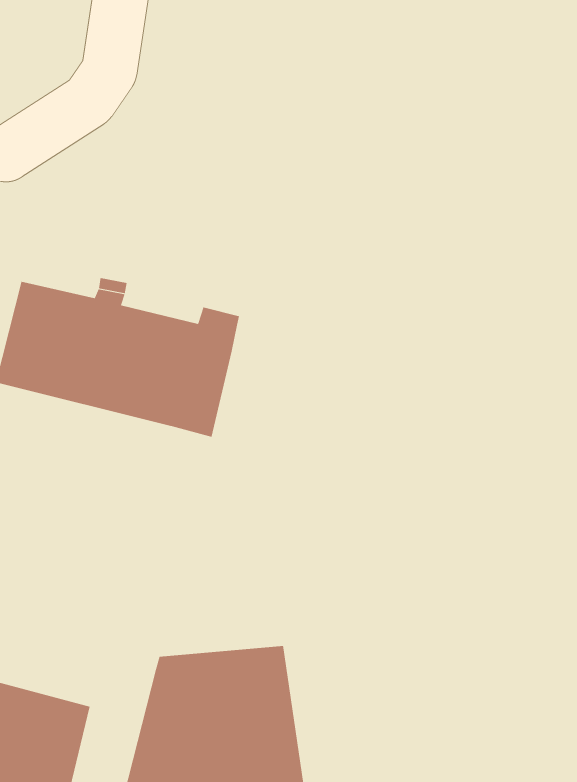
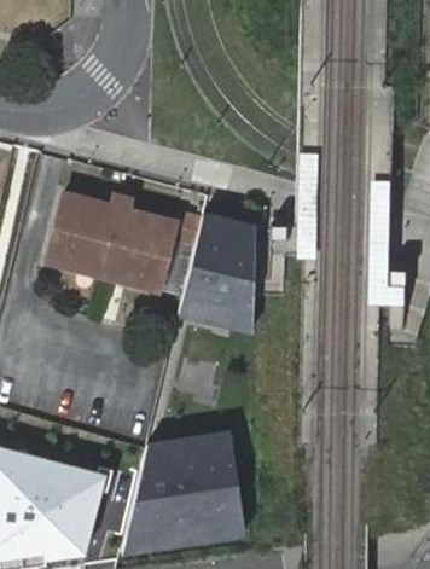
building: none -> [180,214,256,335]

